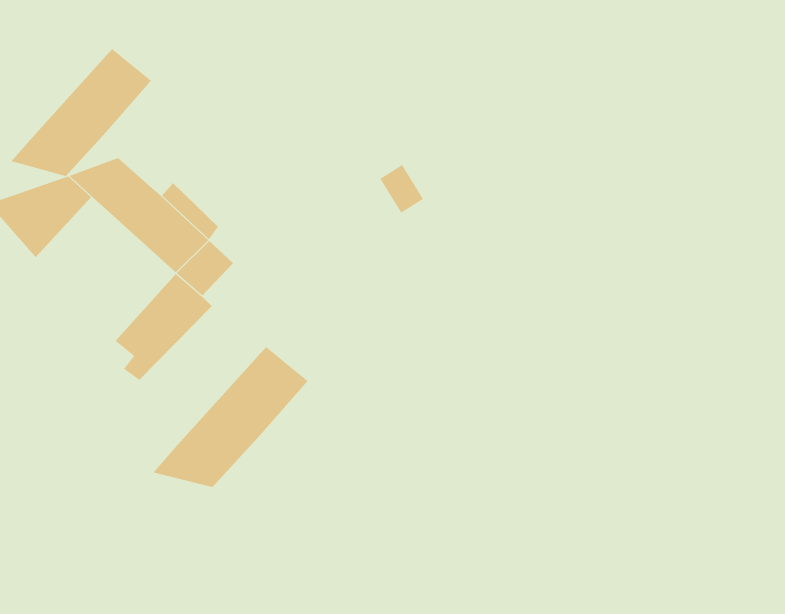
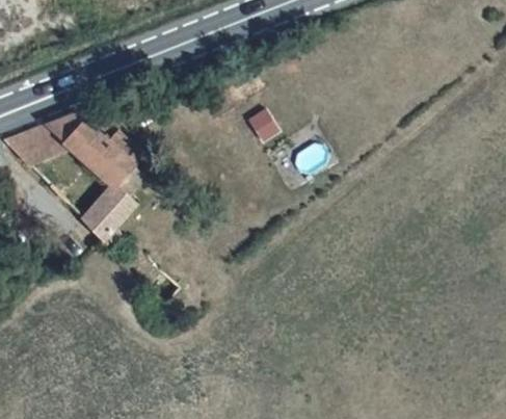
building: [10,48,152,177] -> none
building: [152,346,309,488] -> none

